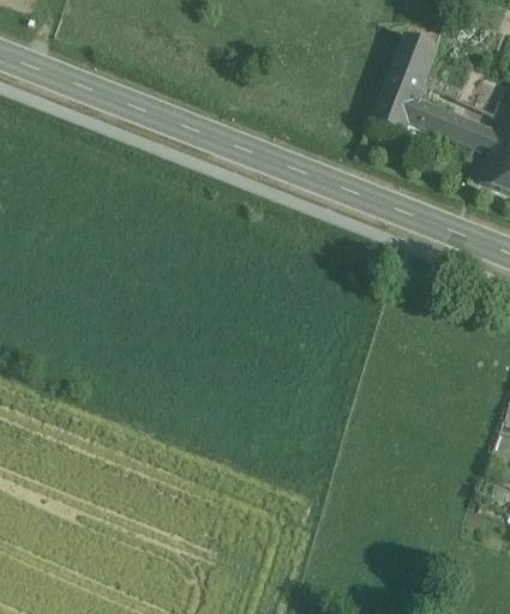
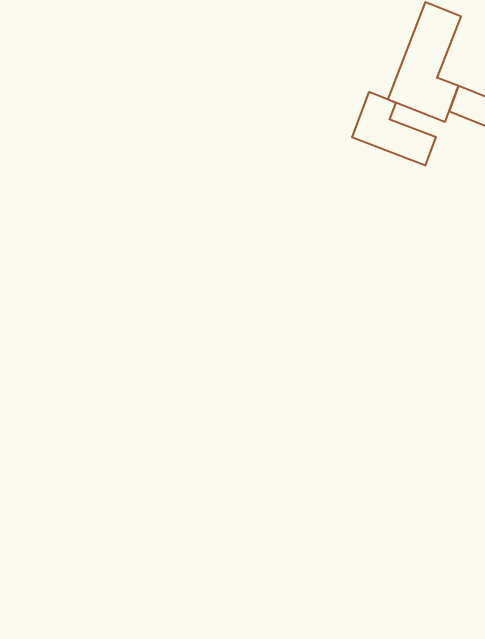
building: none -> [352,92,436,166]

